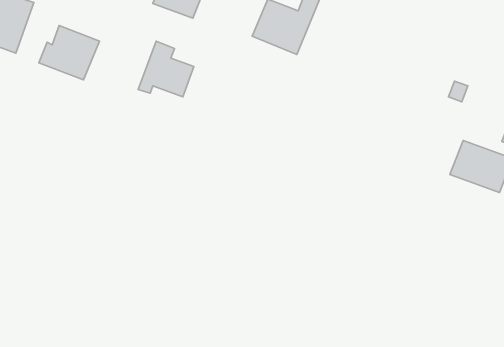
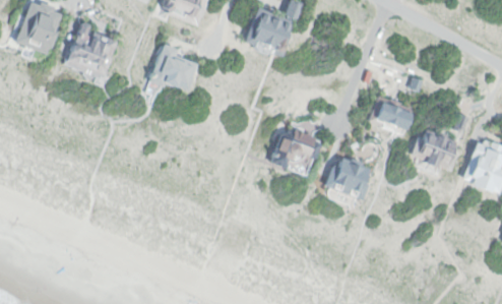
building: none -> [371,102,411,130]
building: none -> [269,130,324,168]
building: none -> [325,157,371,201]

